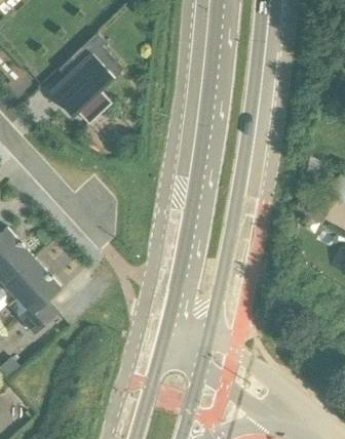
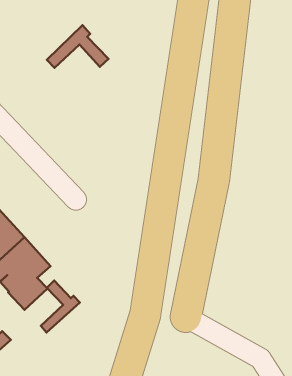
building: [49,53,113,124] -> none
building: none -> [41,280,80,332]

